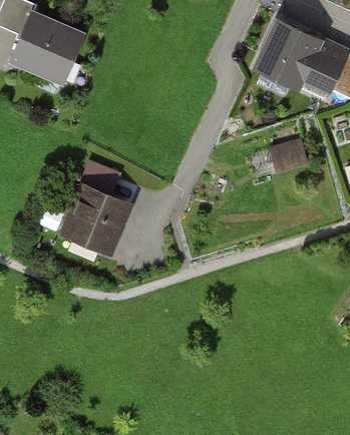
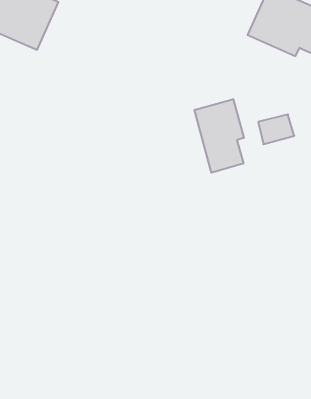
building: none -> [195,99,244,173]
building: [70,162,128,244] -> none

